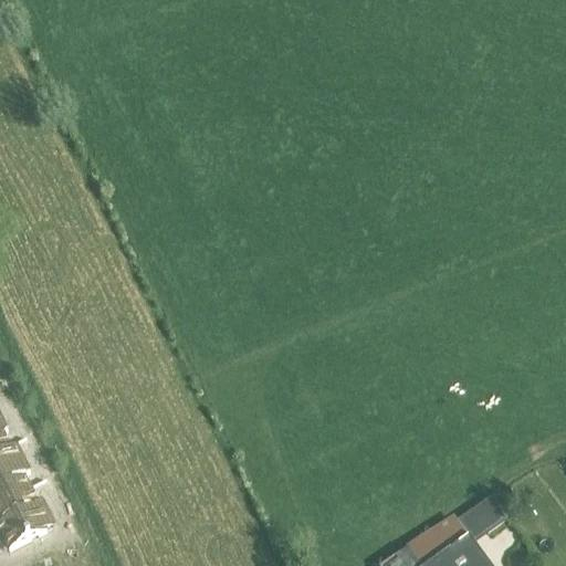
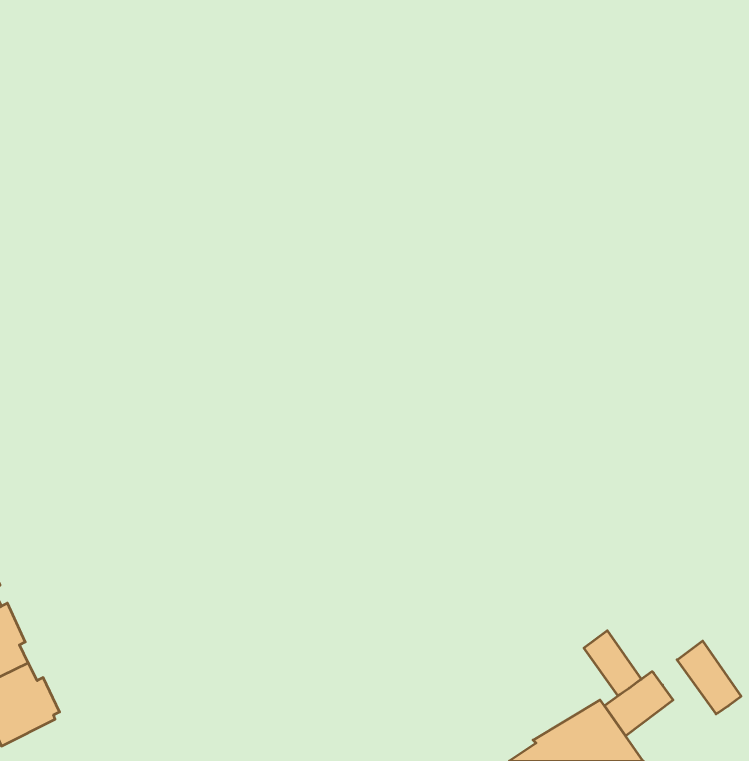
building: none -> [584,631,641,695]
building: none -> [677,641,741,714]

